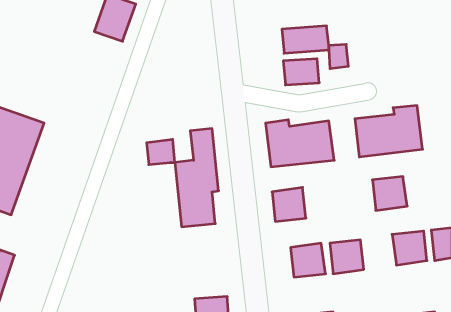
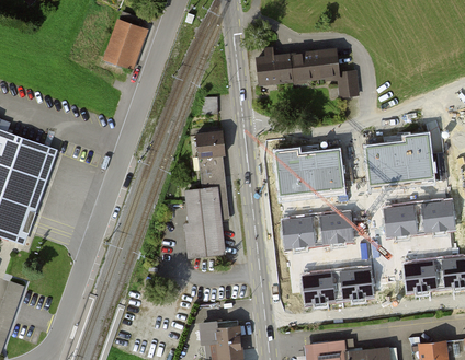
building: [283,59,319,85] -> [259,57,295,83]
building: [147,139,175,165] -> [199,133,227,159]
building: none -> [422,199,457,233]
building: none -> [319,210,354,244]

